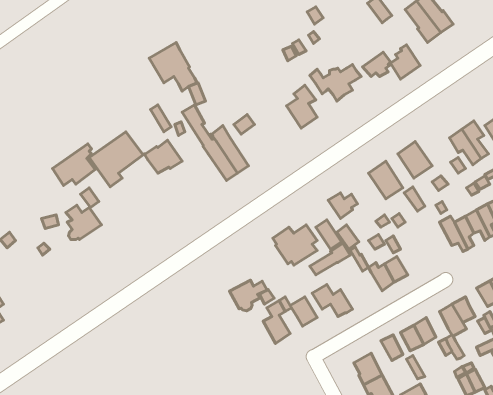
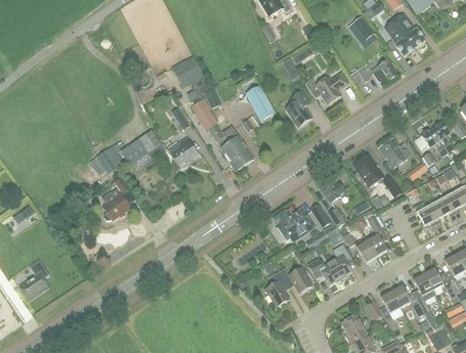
building: none -> [246,84,276,120]
building: none -> [331,244,351,277]
building: [230,280,267,311] -> none

